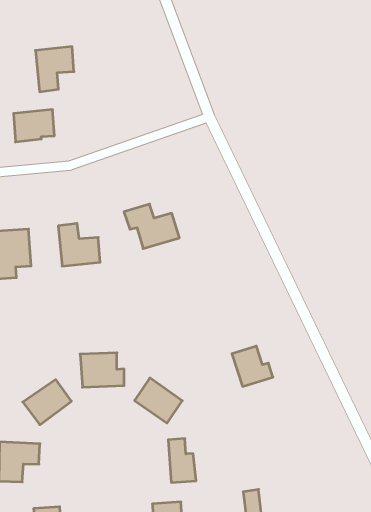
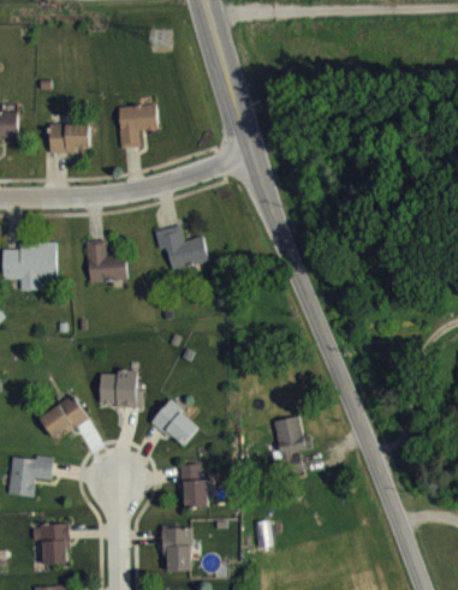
building: [35,47,74,92] -> [119,105,156,148]
building: [232,346,273,386] -> [273,416,313,455]

